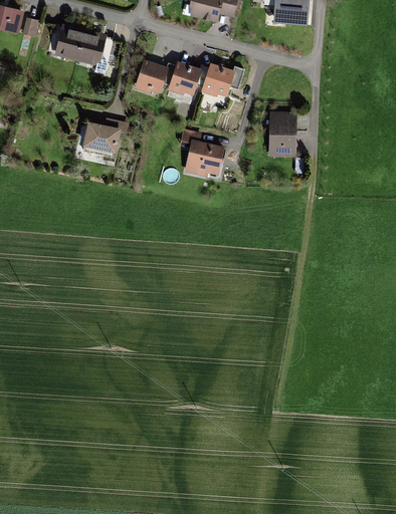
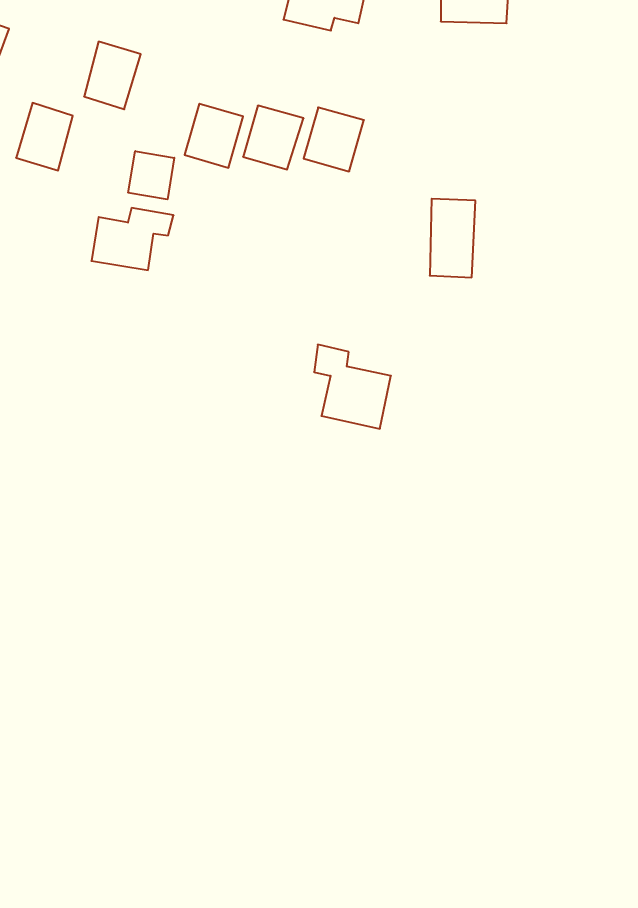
building: [56,20,87,57] -> [16,103,73,171]
building: none -> [128,151,174,199]
building: [180,131,222,177] -> [314,345,391,429]

